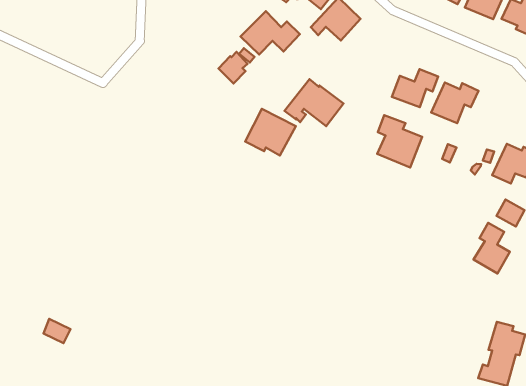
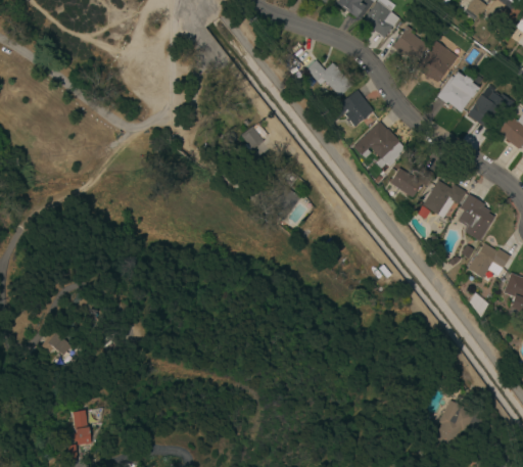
building: [240,11,300,55] -> none
building: [285,79,343,126] -> [352,122,406,166]
building: none -> [458,194,493,240]
building: [377,115,422,168] -> none
building: [474,223,510,274] -> none

